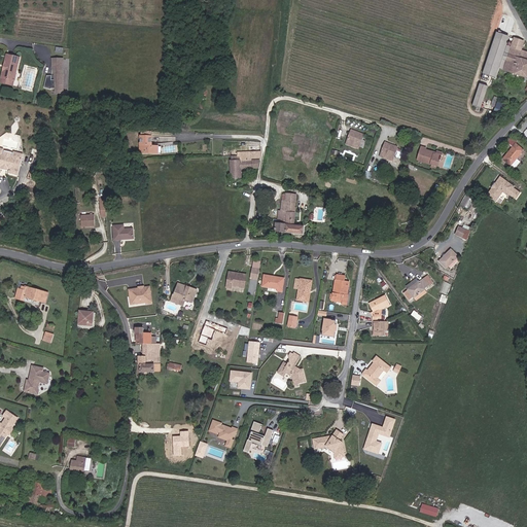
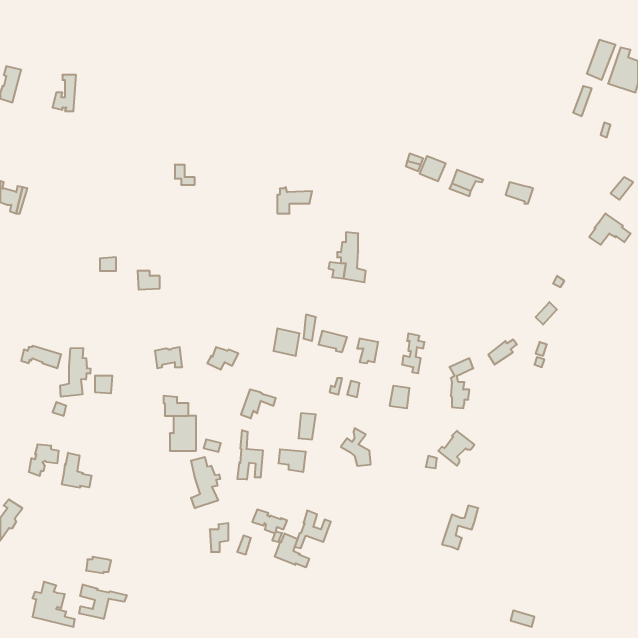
building: none -> [60,348,91,397]
building: none -> [237,430,263,480]
building: none -> [62,453,91,488]
building: none -> [191,457,220,508]
building: [312,427,344,456] -> none
building: none -> [275,533,309,567]
building: none -> [79,584,127,619]

